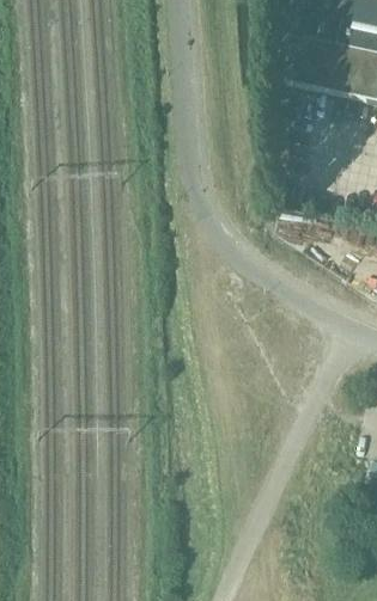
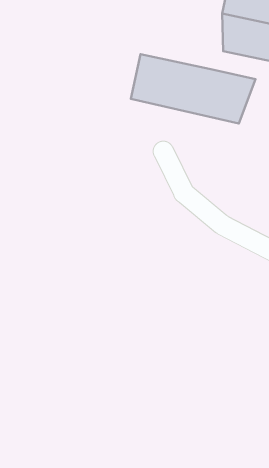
building: none -> [131,54,256,124]

